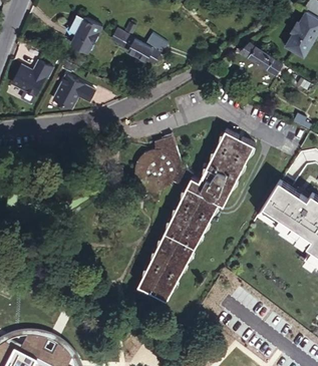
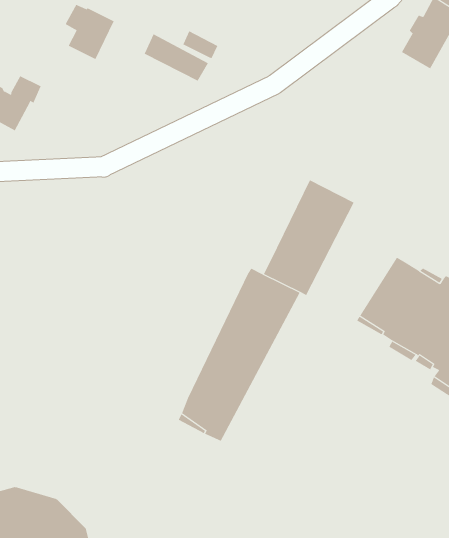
building: [240,40,282,73] -> none
building: [54,75,95,107] -> none
building: [133,134,200,194] -> none

